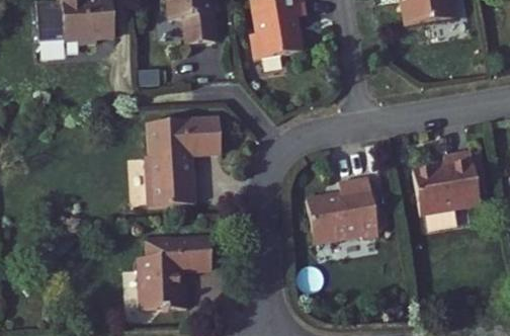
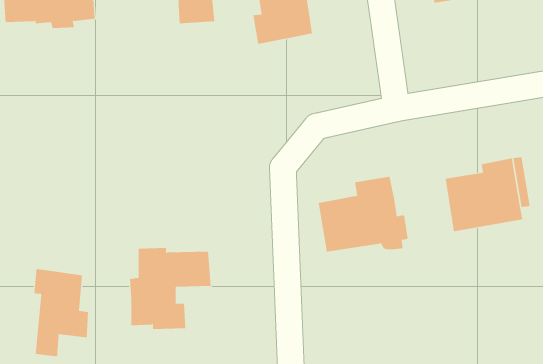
building: [137,120,210,207] -> none
building: none -> [34,268,89,357]

